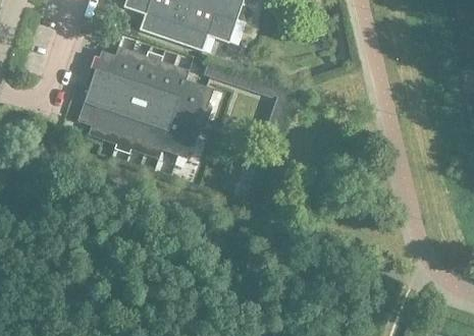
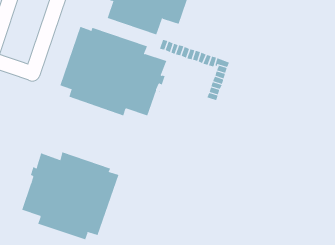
building: none -> [21,152,119,240]

